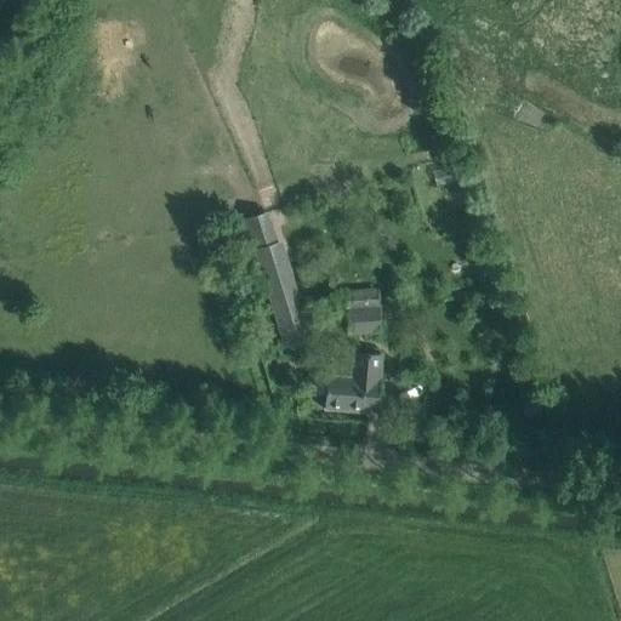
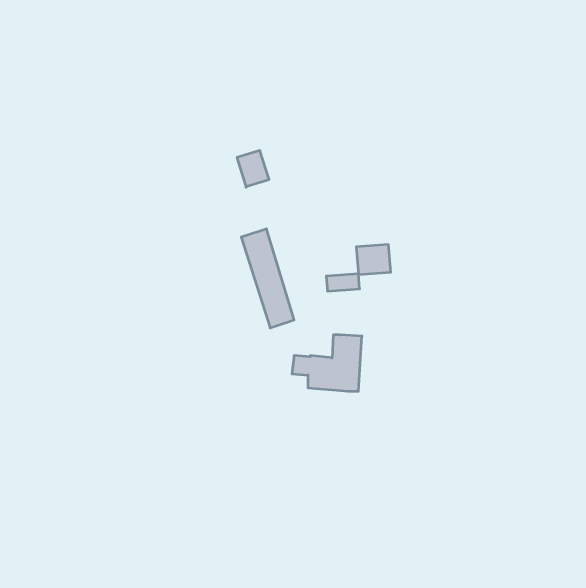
building: [245,212,279,251] -> [237,151,269,187]
building: [347,304,383,336] -> [356,245,391,275]

